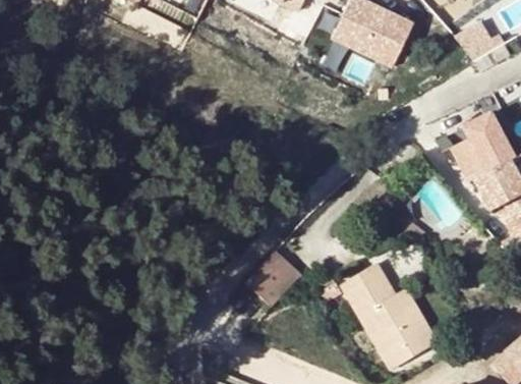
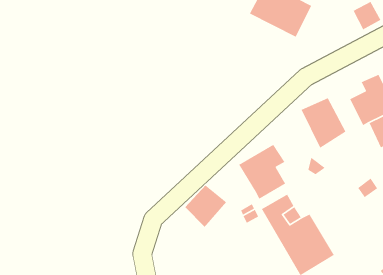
building: none -> [300,97,346,149]
building: none -> [238,144,286,200]

